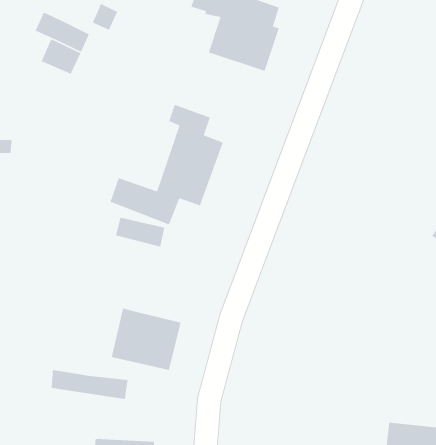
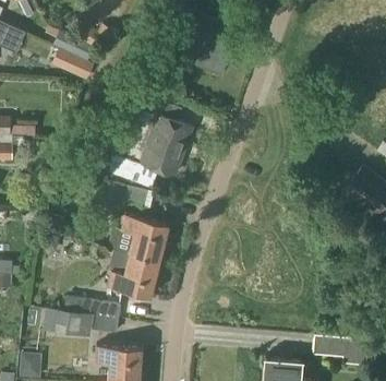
building: none -> [117,214,169,261]
building: none -> [41,306,119,336]

